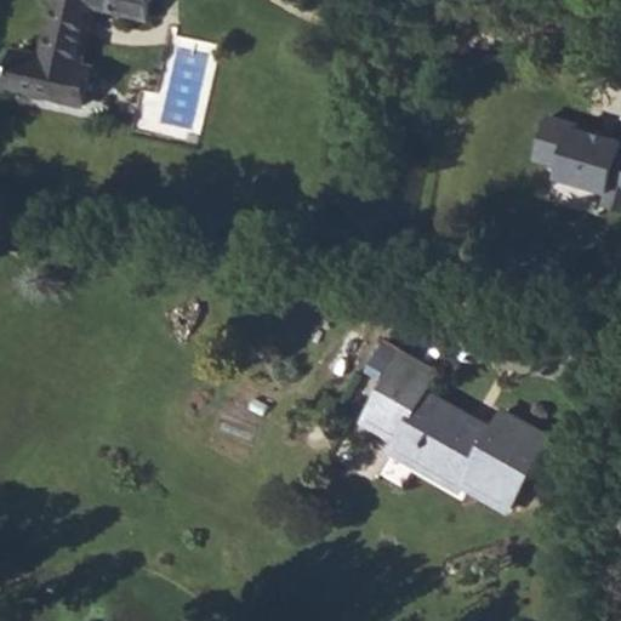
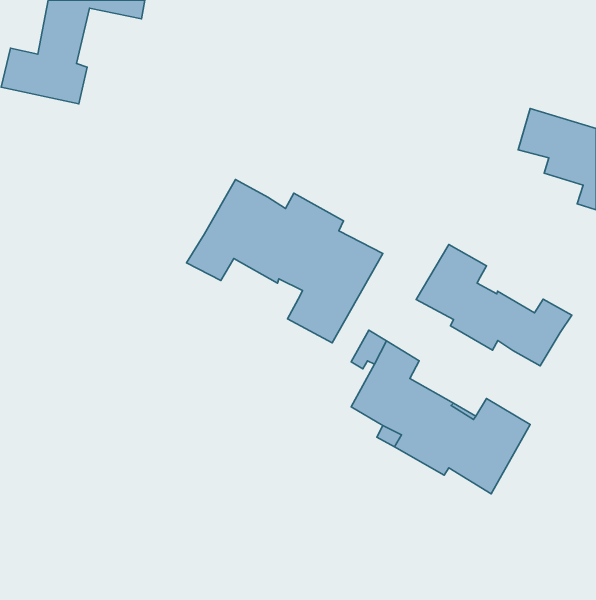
building: none -> [187,180,383,343]
building: none -> [416,245,572,366]

